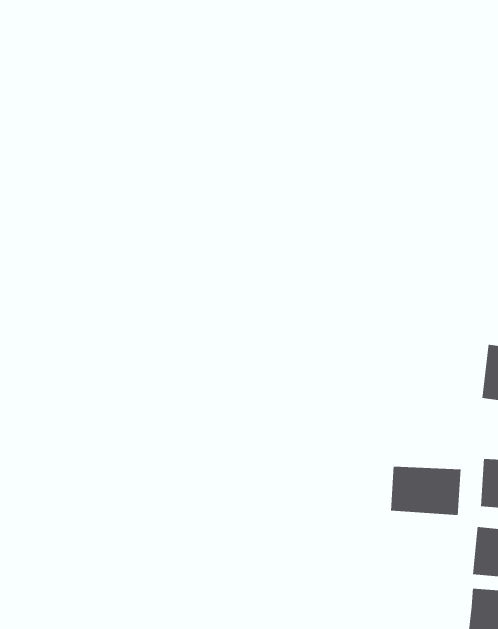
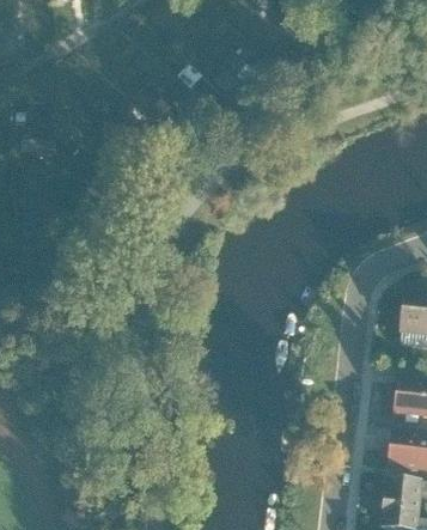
building: [391,466,461,516] -> none

